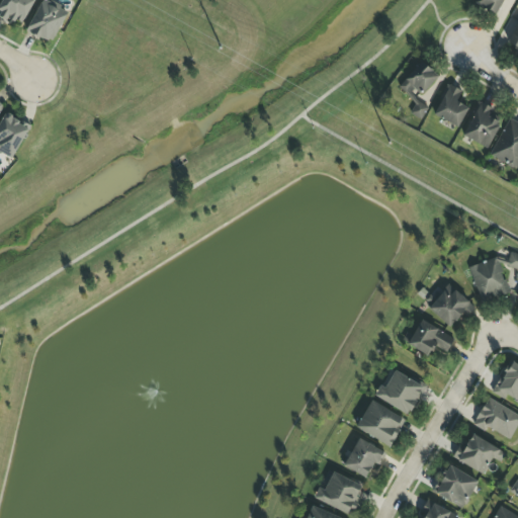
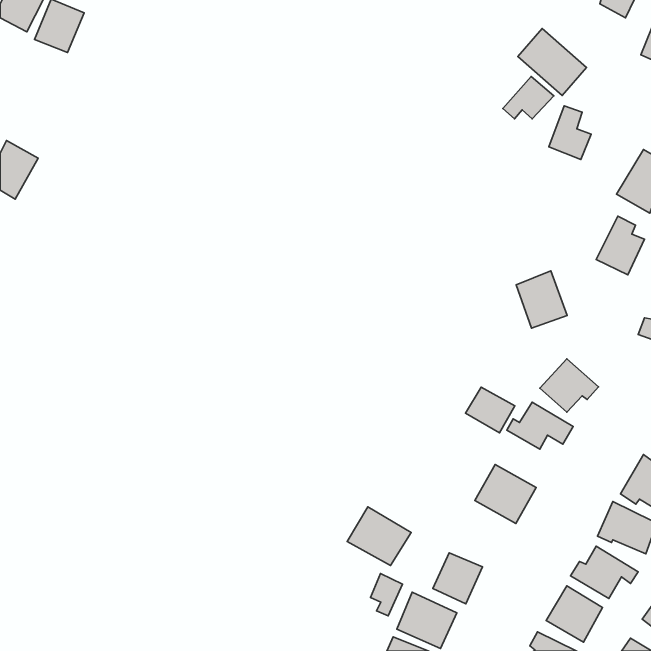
building: none -> [518,28,586,96]
building: [463,101,502,148] -> [596,216,645,275]
building: [469,256,510,301] -> [516,271,567,328]
building: none -> [465,387,515,433]
building: [356,400,407,446] -> [347,507,411,566]
building: none -> [371,573,403,616]

